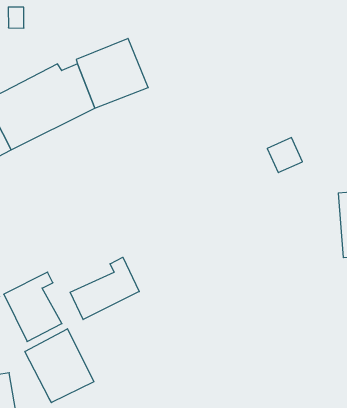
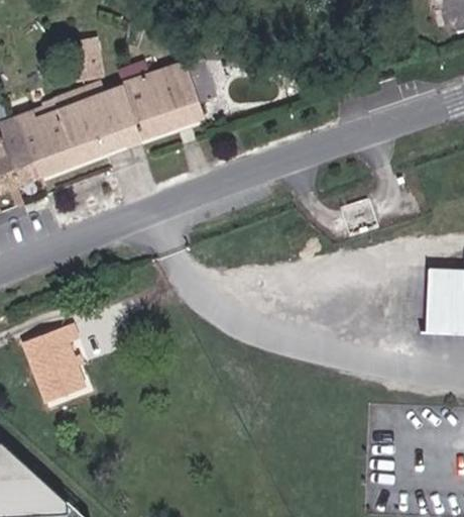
building: [70,257,139,320] -> none
building: [25,329,94,403] -> none

